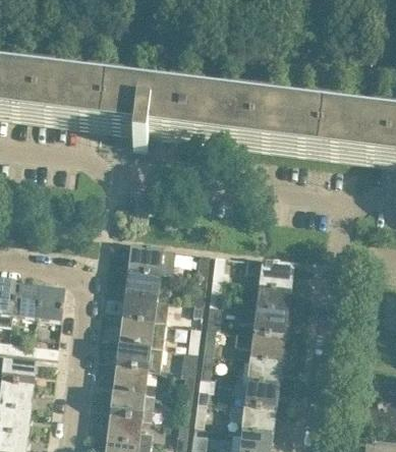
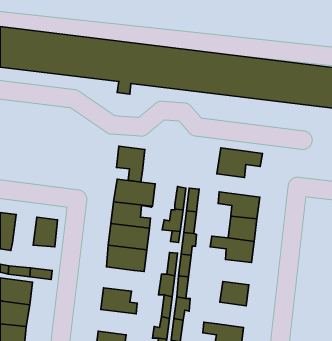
building: none -> [116,146,145,182]
building: none -> [217,148,263,178]
building: [14,275,42,309] -> none
building: [234,323,284,354] -> none
building: [117,334,161,362] -> none
building: [230,373,278,402] -> none
building: [111,382,154,411] -> none

